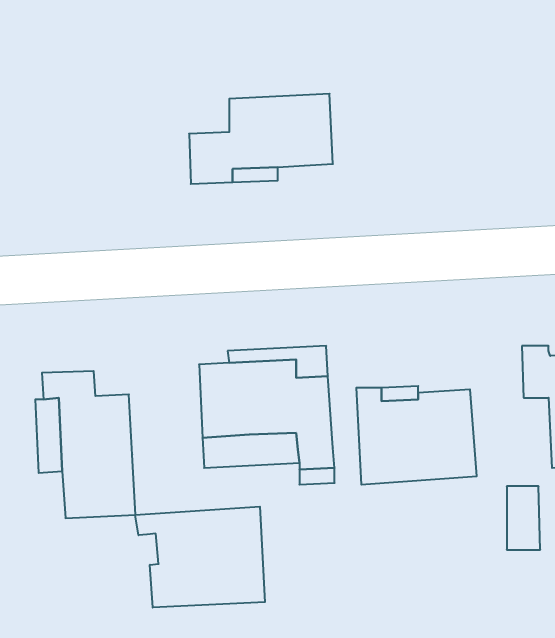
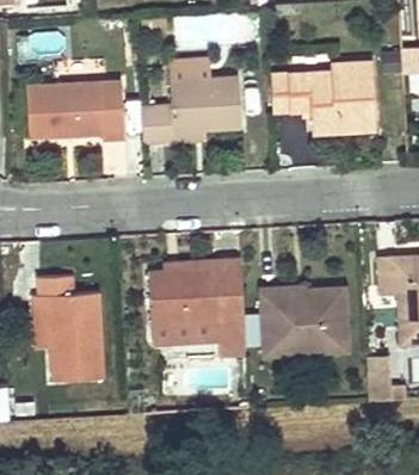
building: none -> [270,62,375,132]
building: none -> [25,80,125,140]
building: [135,507,265,608] -> none

